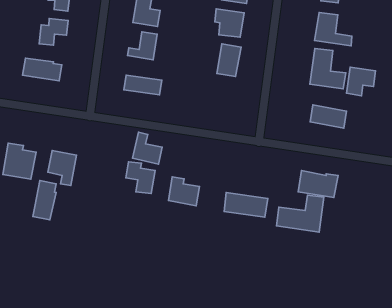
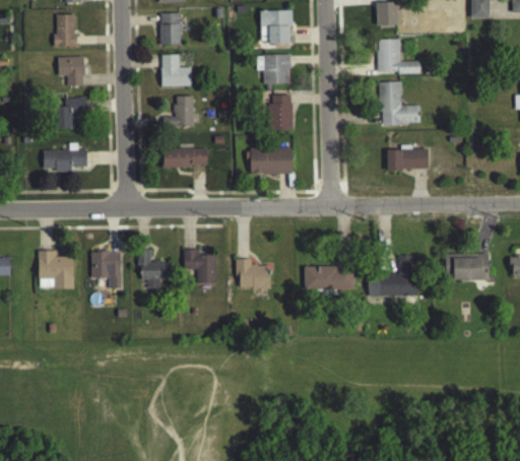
building: [347,67,376,96] -> none
building: none -> [251,147,292,174]
building: [133,132,162,164] -> [139,249,172,282]
building: [298,171,338,198] -> [446,253,490,279]
building: [33,181,56,220] -> none

